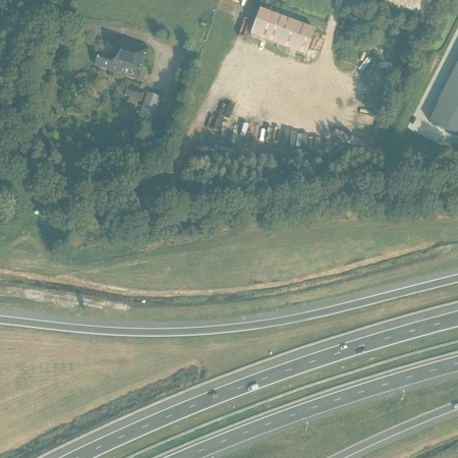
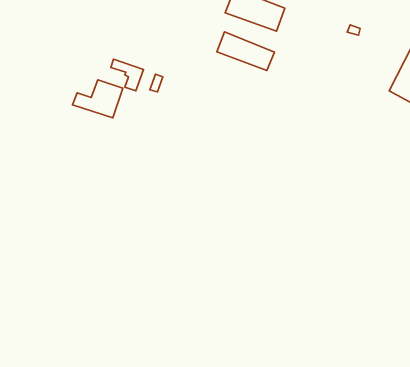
building: [94,36,149,77] -> [73,80,123,118]
building: none -> [217,32,274,71]

